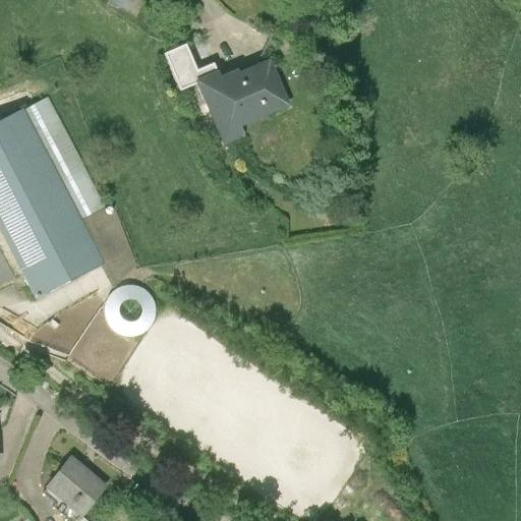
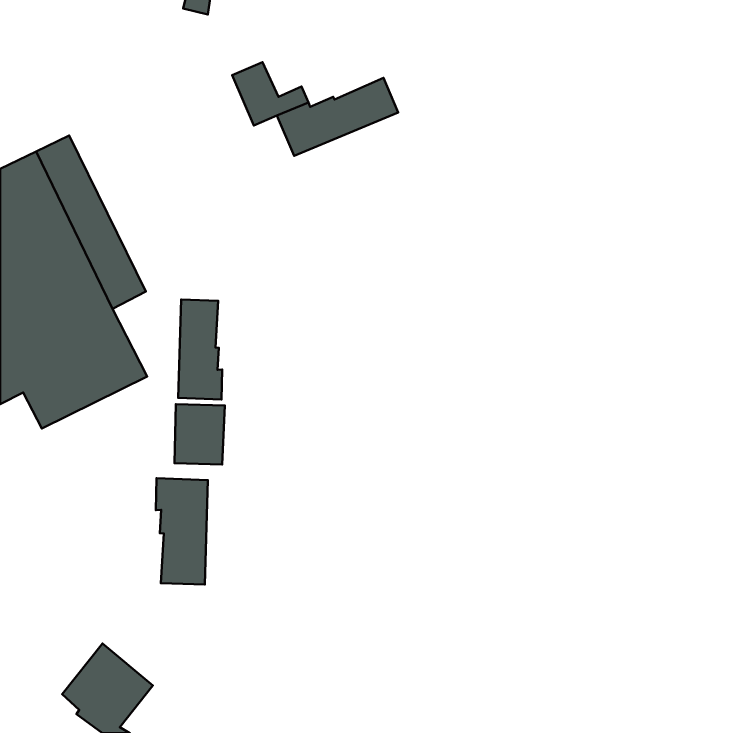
building: [208,79,290,141] -> none
building: none -> [178,300,222,400]
building: none -> [156,478,208,585]

